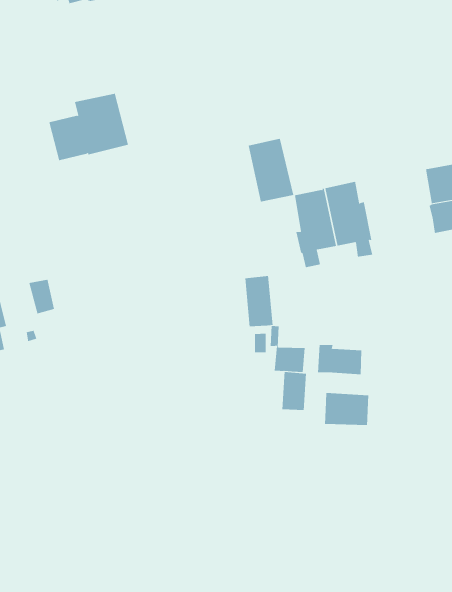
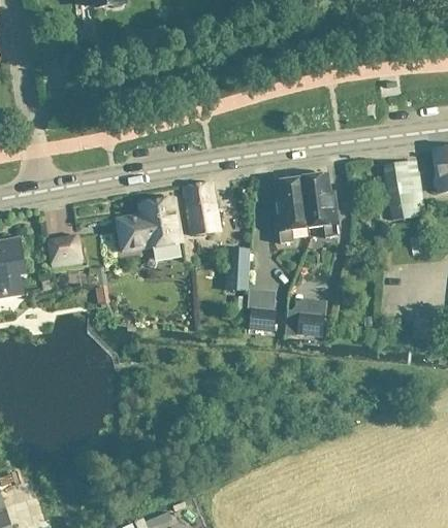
building: [49,93,129,161] -> [116,197,182,251]
building: [248,138,294,202] -> [184,182,220,234]
building: [282,371,306,411] -> none
building: [325,392,369,426] -> none

